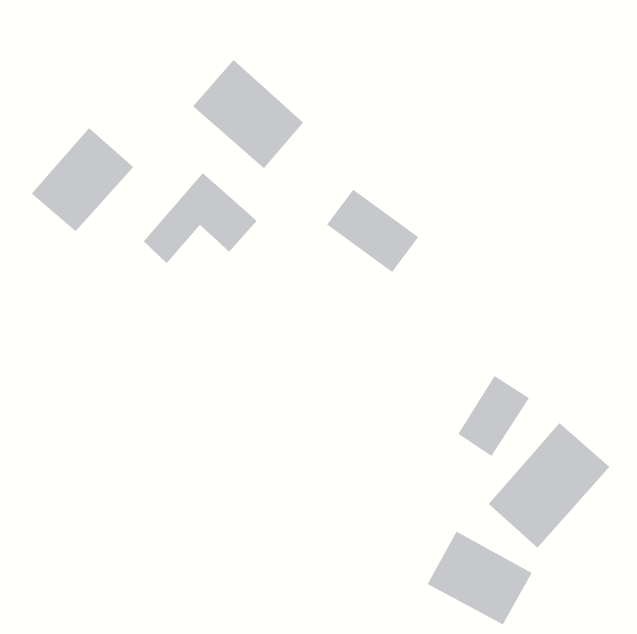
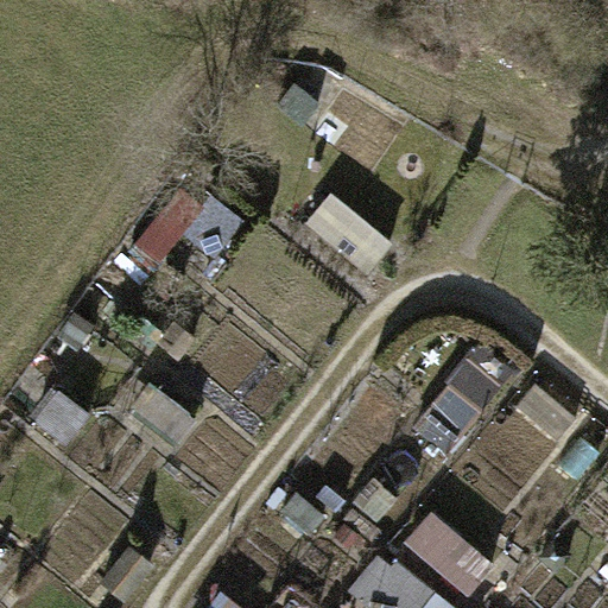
building: [192,59,304,169] -> none
building: [31,127,134,232] -> none

